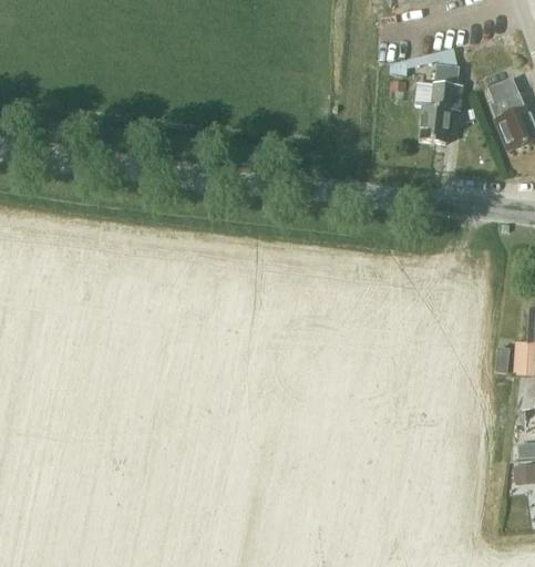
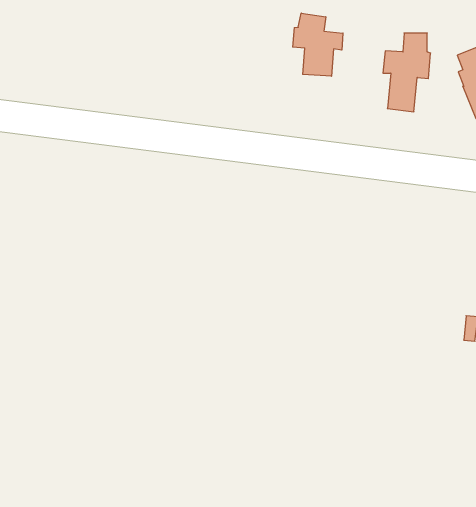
building: none -> [293,13,343,76]

